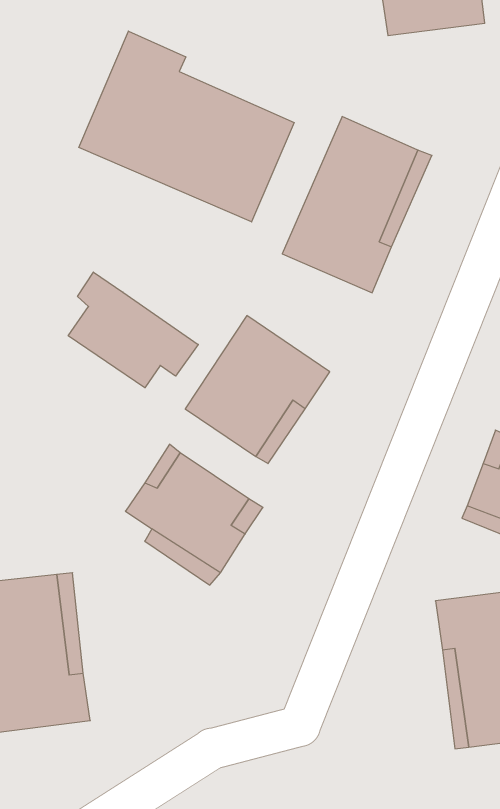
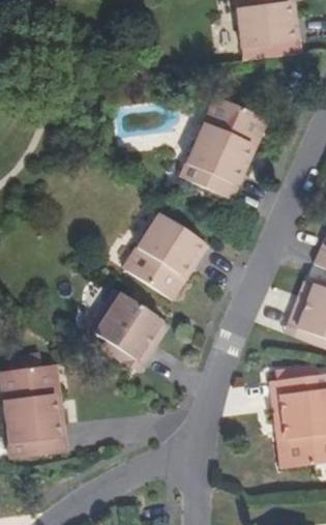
building: [79,31,294,222] -> none
building: [68,272,198,388] -> none

